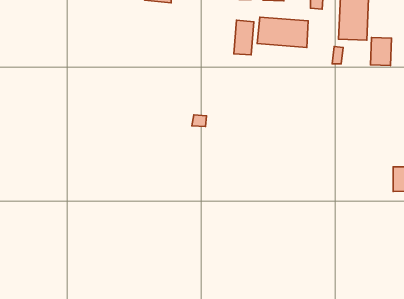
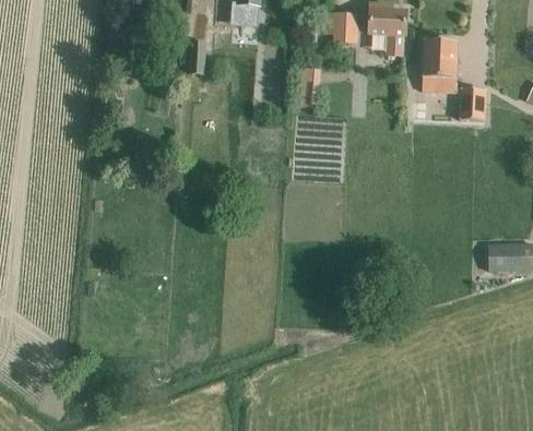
building: [257,17,308,47] -> none

